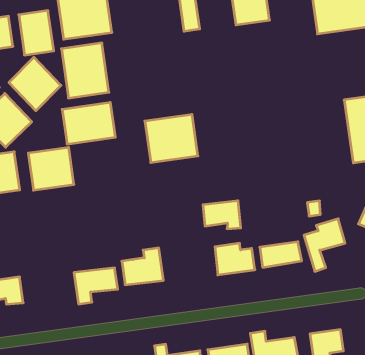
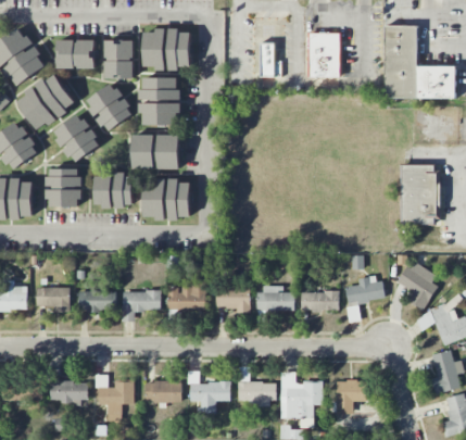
building: [145,114,198,163] -> [144,178,190,218]
building: [203,201,241,229] -> [215,287,250,314]
building: none -> [77,290,116,311]

